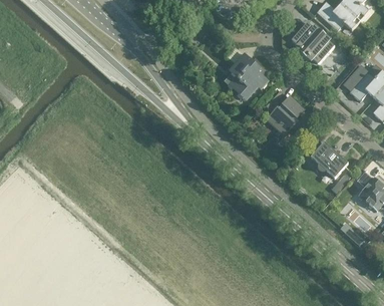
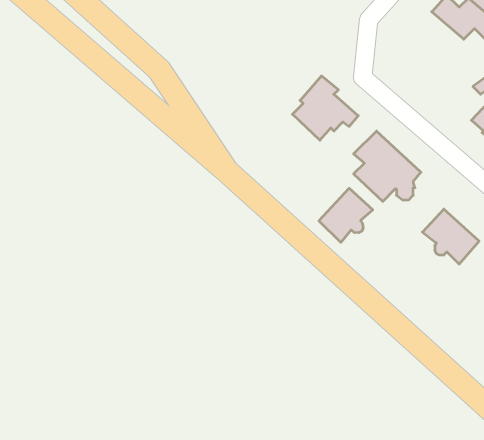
building: [291,22,334,64] -> none
building: none -> [319,188,373,242]

